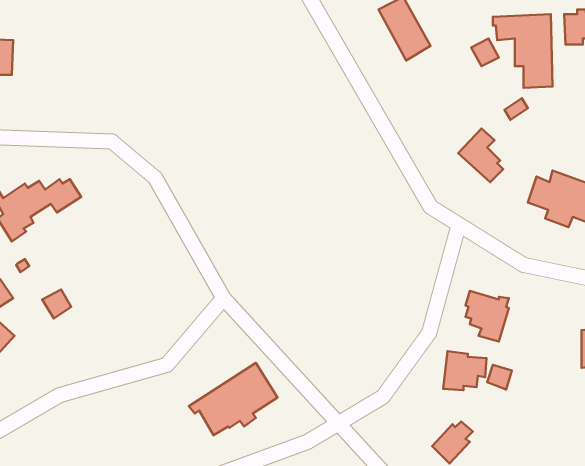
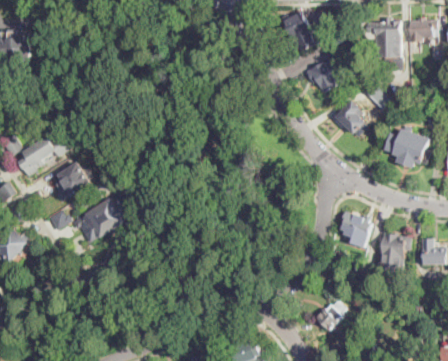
building: none -> [308,57,343,94]
building: none -> [53,162,92,199]
building: [443,351,487,390] -> [380,233,410,260]
building: [189,363,277,435] -> [71,193,132,243]

